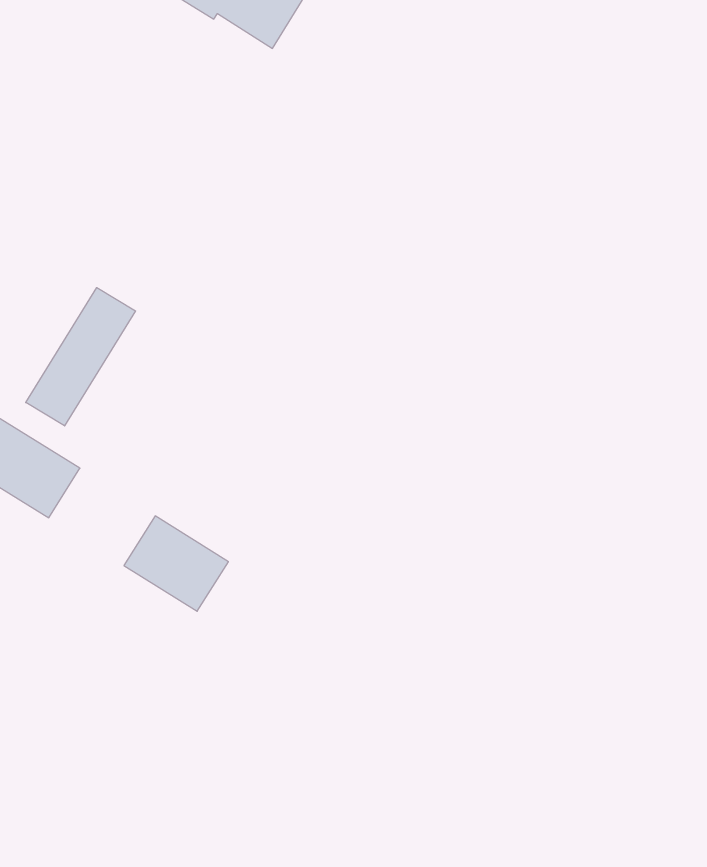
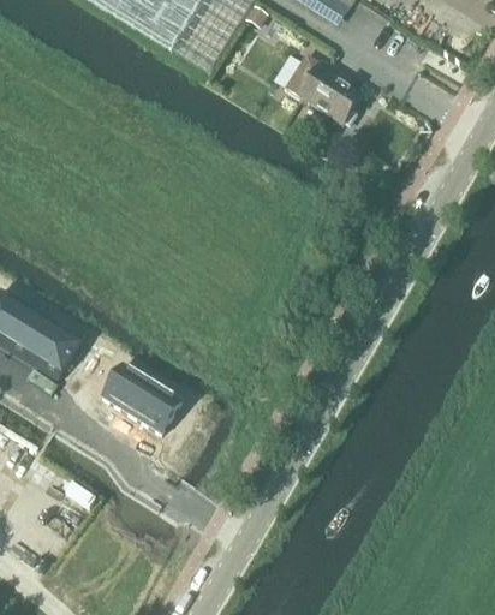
building: none -> [286,47,366,120]
building: [26,288,136,426] -> none

